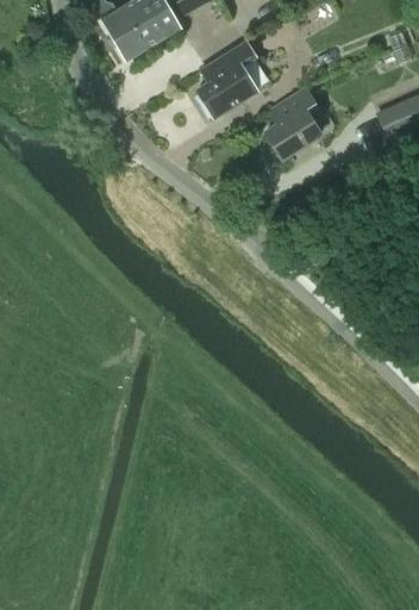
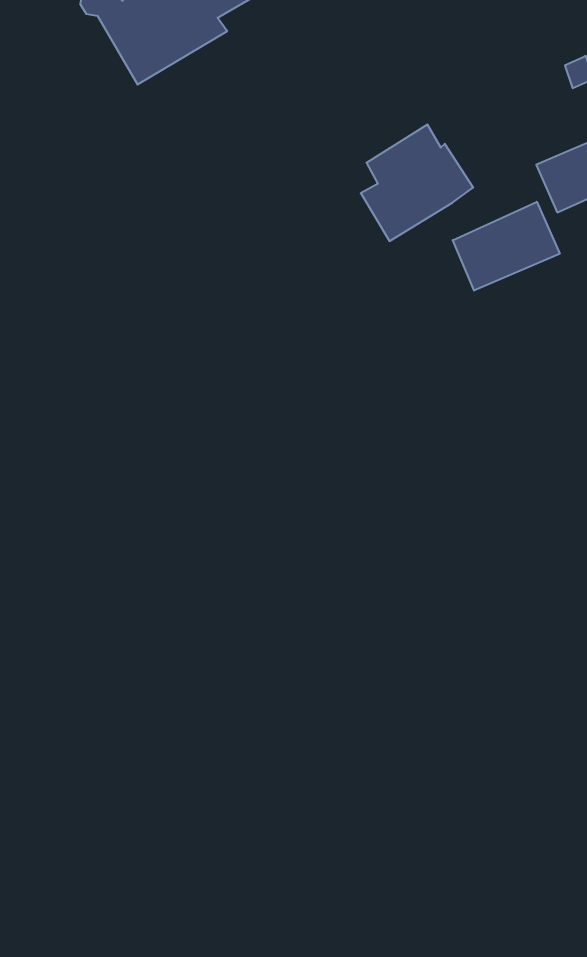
building: [195,41,257,117] -> none
building: none -> [453,202,560,291]

